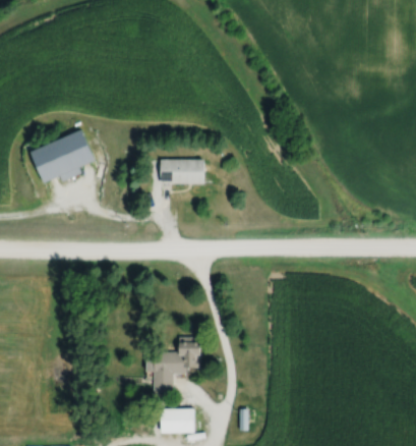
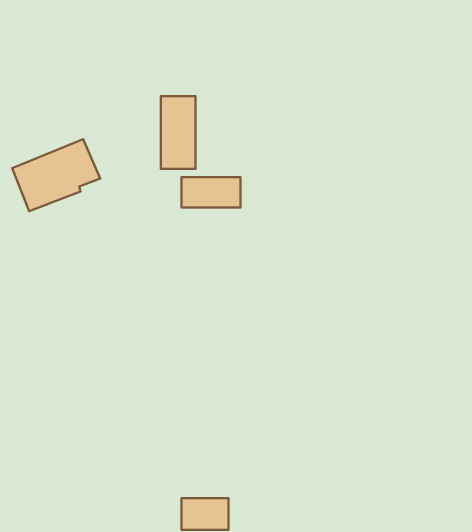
building: none -> [161,96,196,169]
building: [146,336,202,394] -> none

